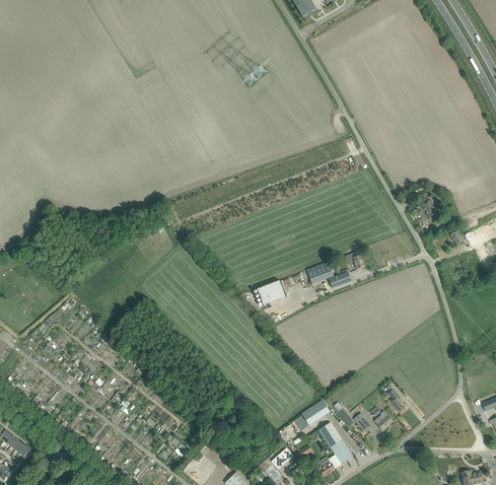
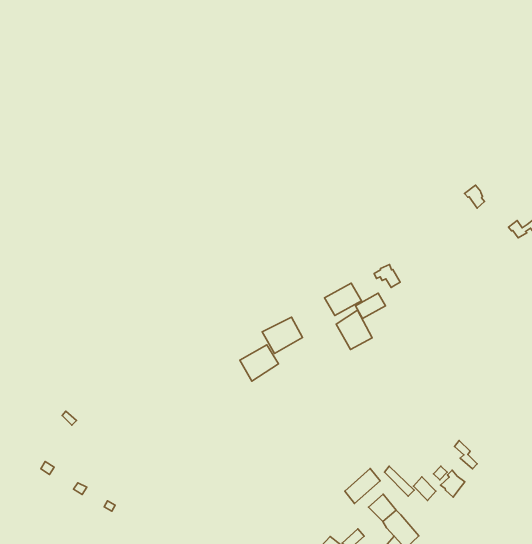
building: none -> [336,310,372,349]
building: none -> [240,345,278,381]

